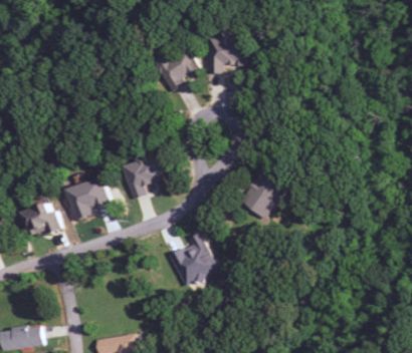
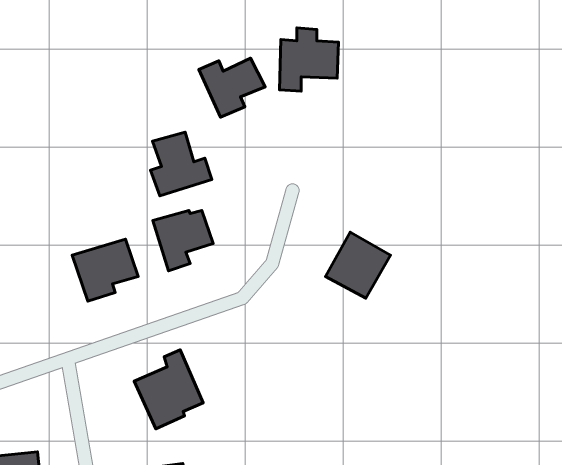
building: none -> [151,132,212,196]
building: [19,204,61,237] -> none
building: [170,233,218,288] -> [134,350,203,429]

